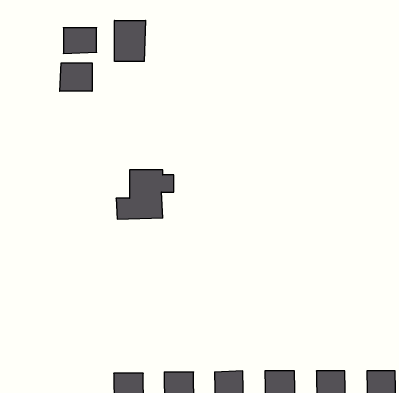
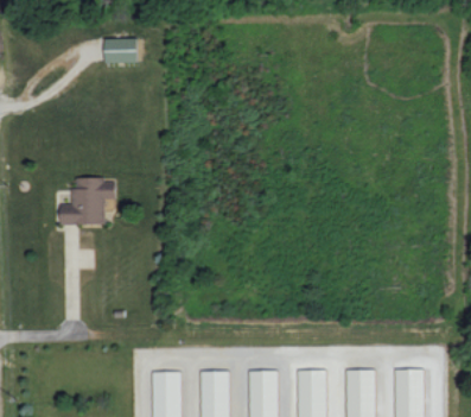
building: [115,20,146,61] -> none
building: [60,63,92,91] -> none
building: [116,170,174,219] -> [59,178,115,226]

